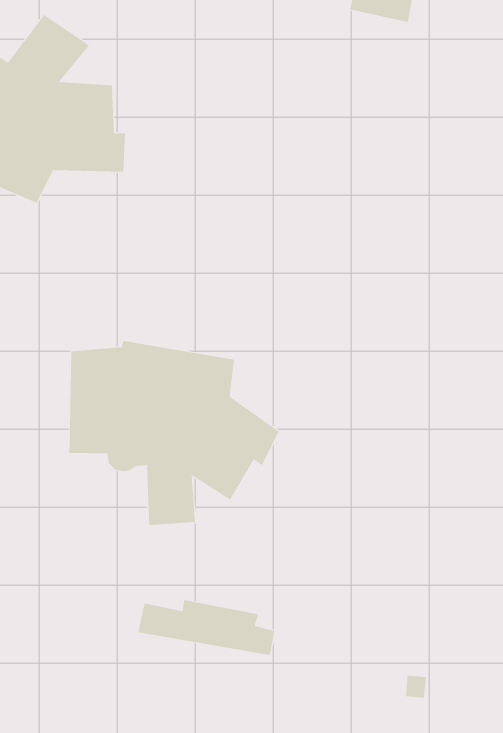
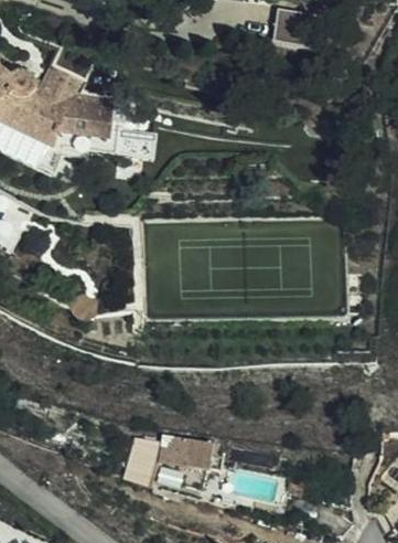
building: [69,340,279,526] -> none

